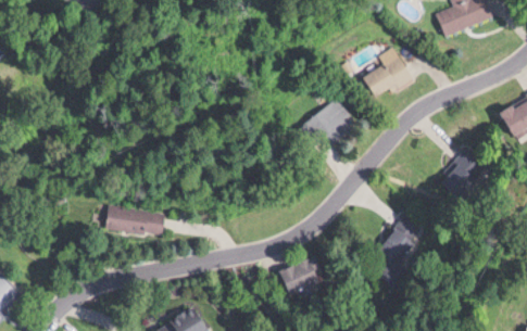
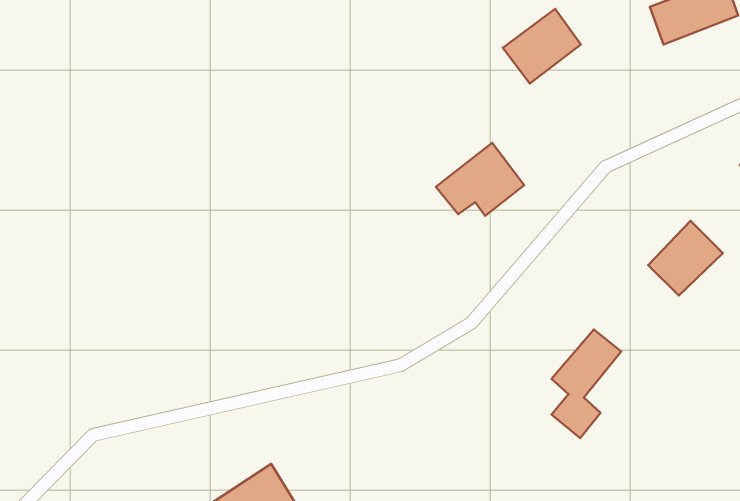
building: [362,53,412,101] -> [503,9,581,84]
building: [108,206,166,238] -> none
building: [278,255,324,294] -> none

